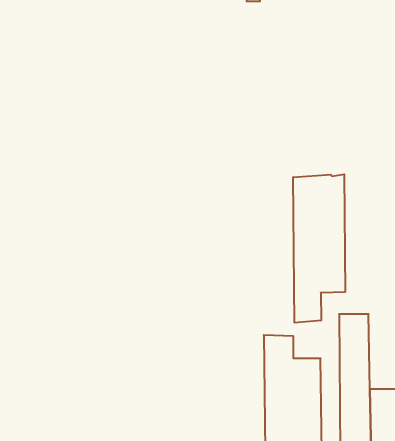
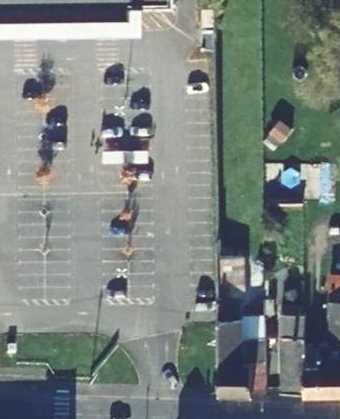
building: [293,174,345,323] -> none

